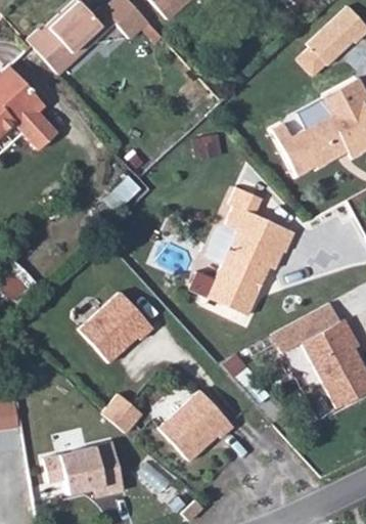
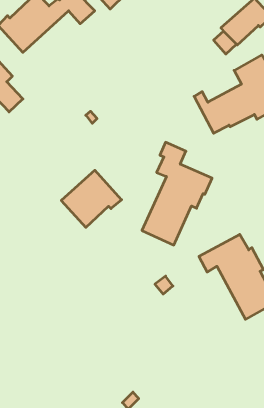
building: [79,291,154,362] -> [61,170,122,227]
building: [159,389,234,461] -> none
building: [102,393,144,433] -> none
building: [43,442,123,497] -> none

